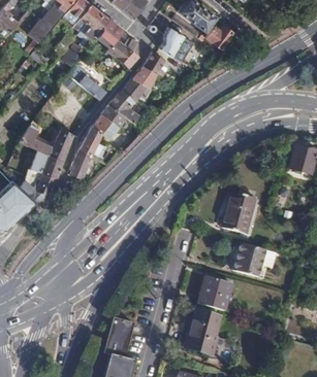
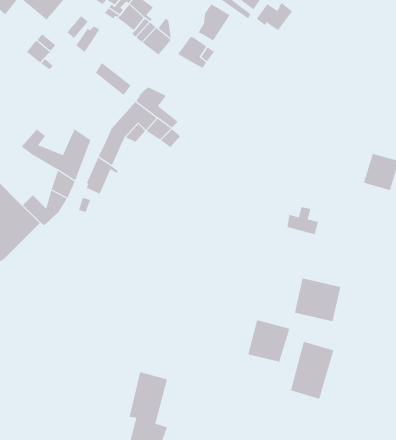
building: [120,67,159,100] -> none
building: [223,204,252,235] -> none
building: [187,310,222,356] -> [290,341,334,400]

